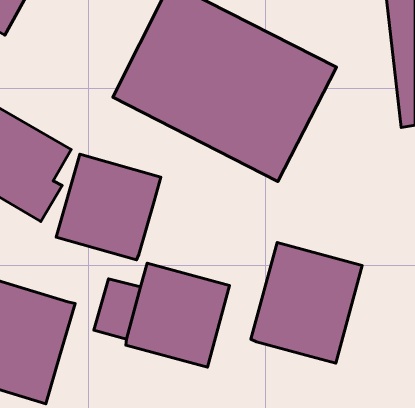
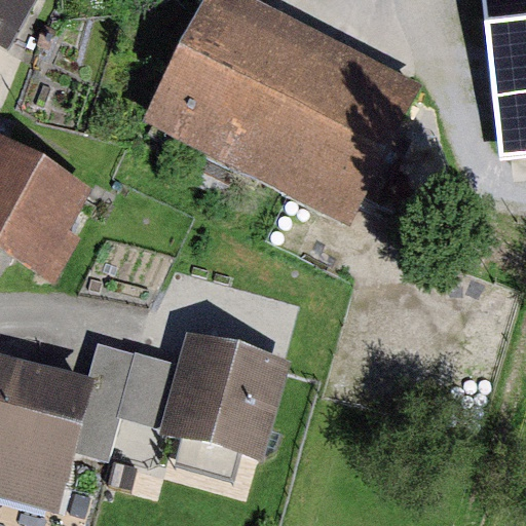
building: [56,154,161,260] -> none
building: [251,242,362,363] -> none
building: none -> [75,339,137,456]

